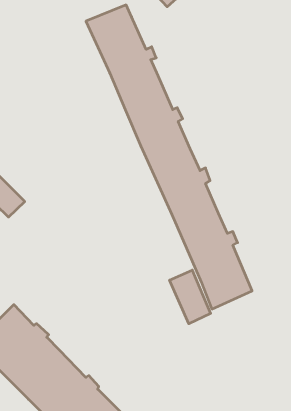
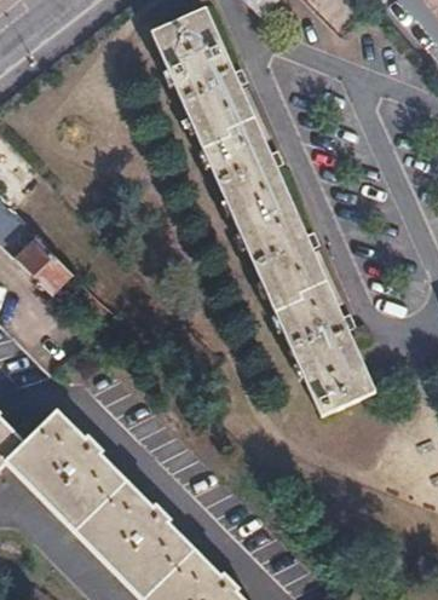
building: [170,270,211,324] -> none

